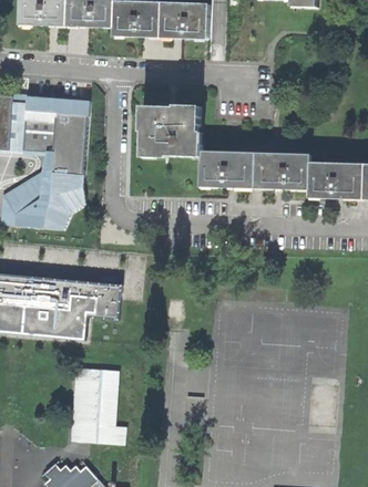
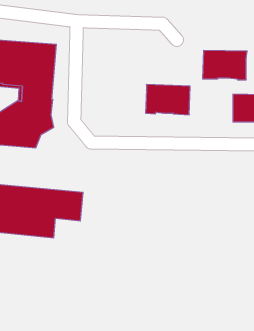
building: [140,105,200,158] -> none
building: [253,152,308,188] -> [203,50,247,80]
building: [70,366,123,442] -> none

